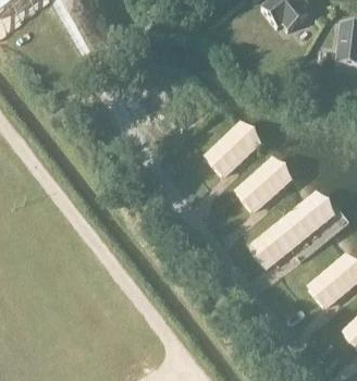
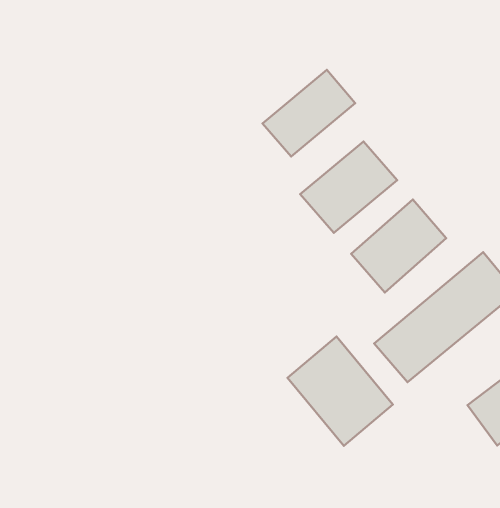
building: none -> [262,70,355,157]
building: none -> [288,336,393,446]

